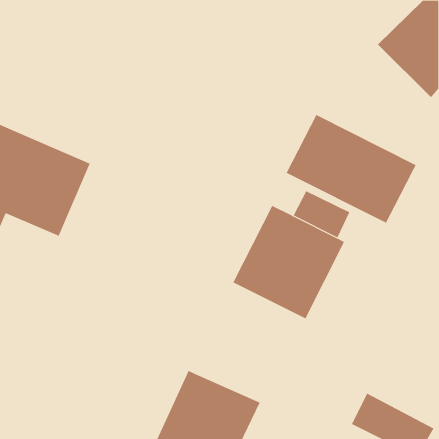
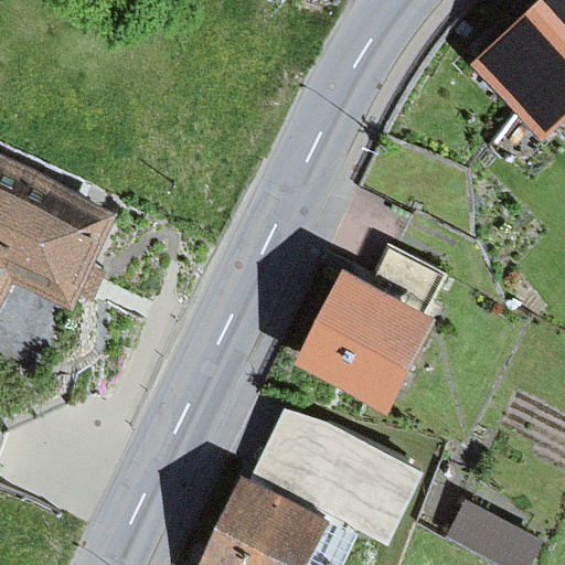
building: [286,114,416,224] -> none
building: none -> [248,409,420,542]

